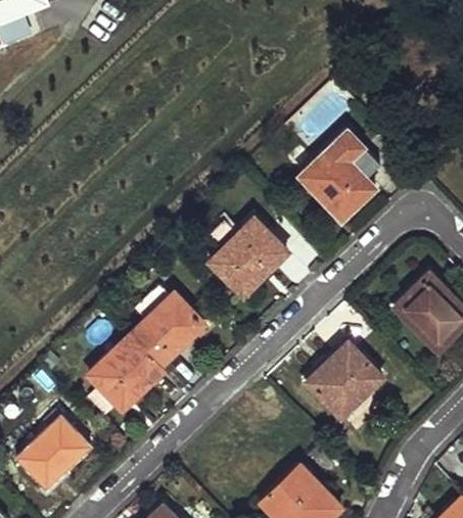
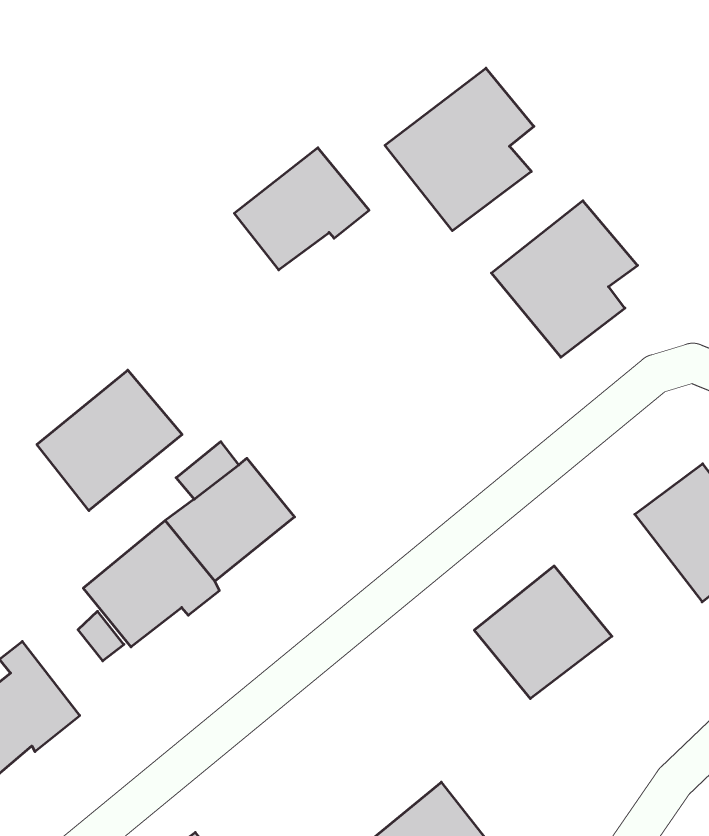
building: none -> [385,68,534,231]
building: [212,222,287,292] -> [234,148,369,270]
building: none -> [37,370,182,511]

